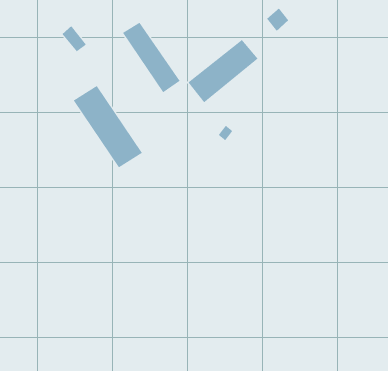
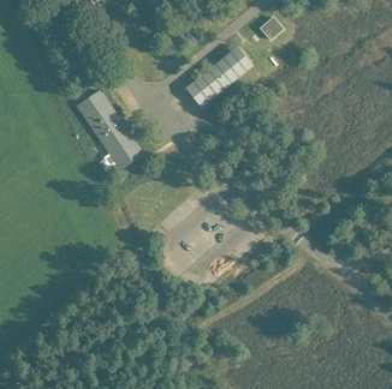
building: [122,22,181,93] -> none

